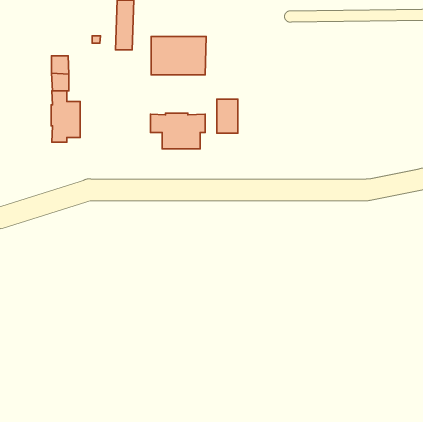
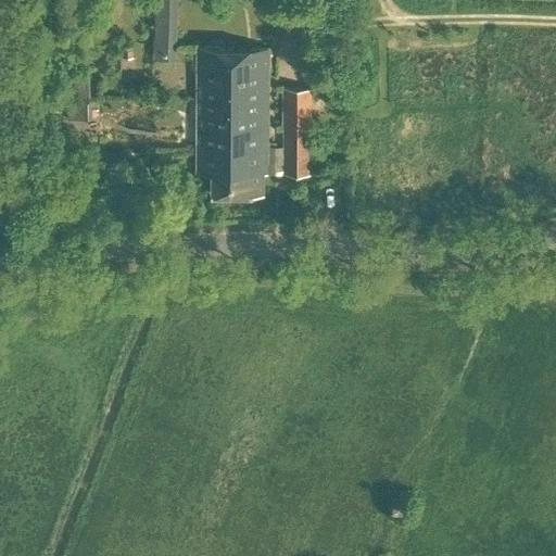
building: none -> [283,92,311,134]
building: none -> [197,102,268,154]
building: [51,91,80,142] -> none

